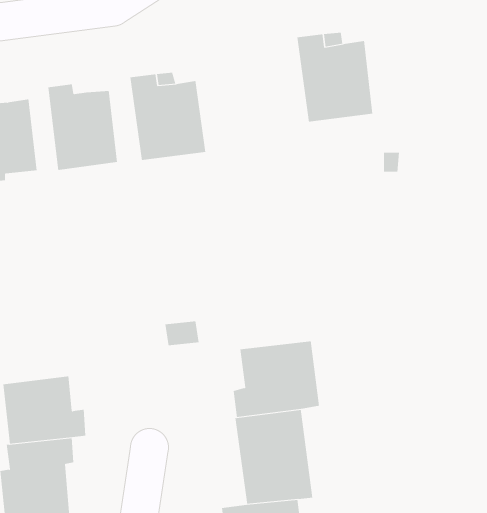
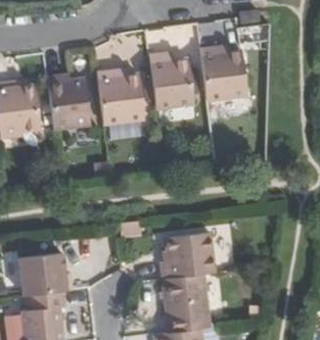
building: none -> [149,51,193,106]

